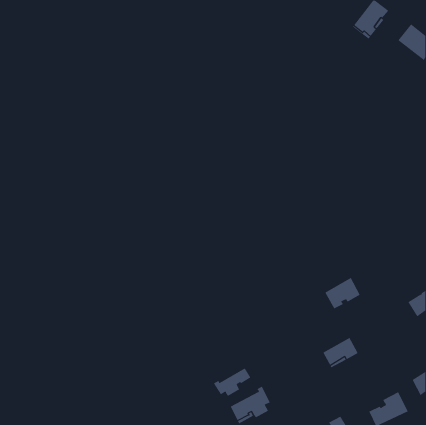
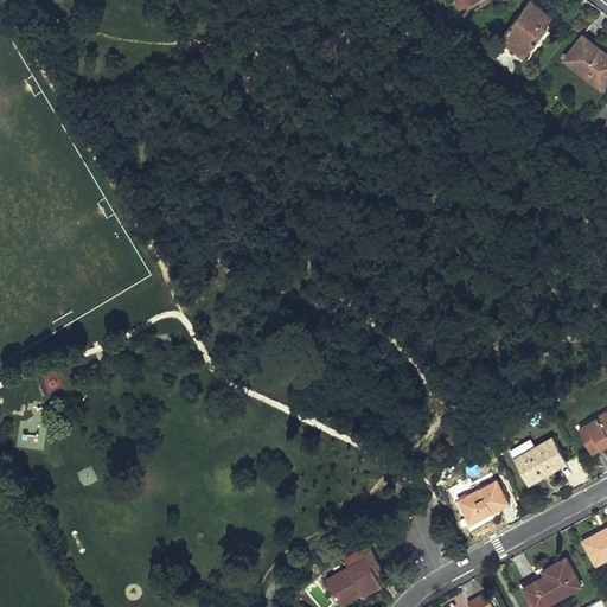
building: [324,277,360,309] -> [515,437,566,483]
building: [213,367,251,397] -> none

